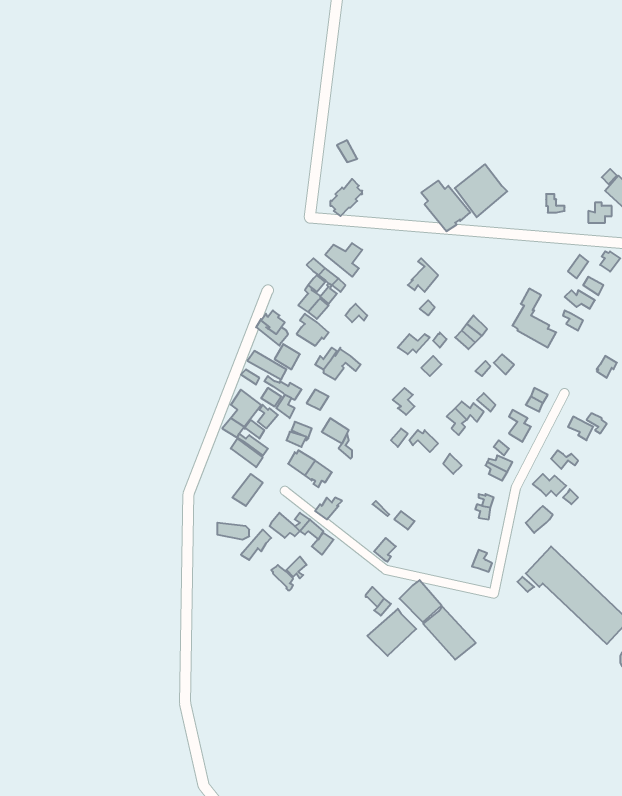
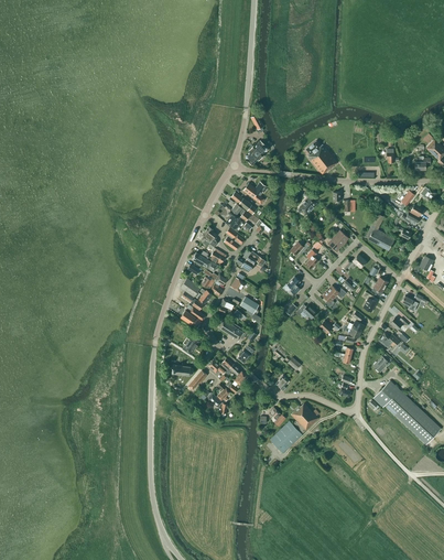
building: [455,164,507,217] -> none
building: [423,607,476,660] -> none

